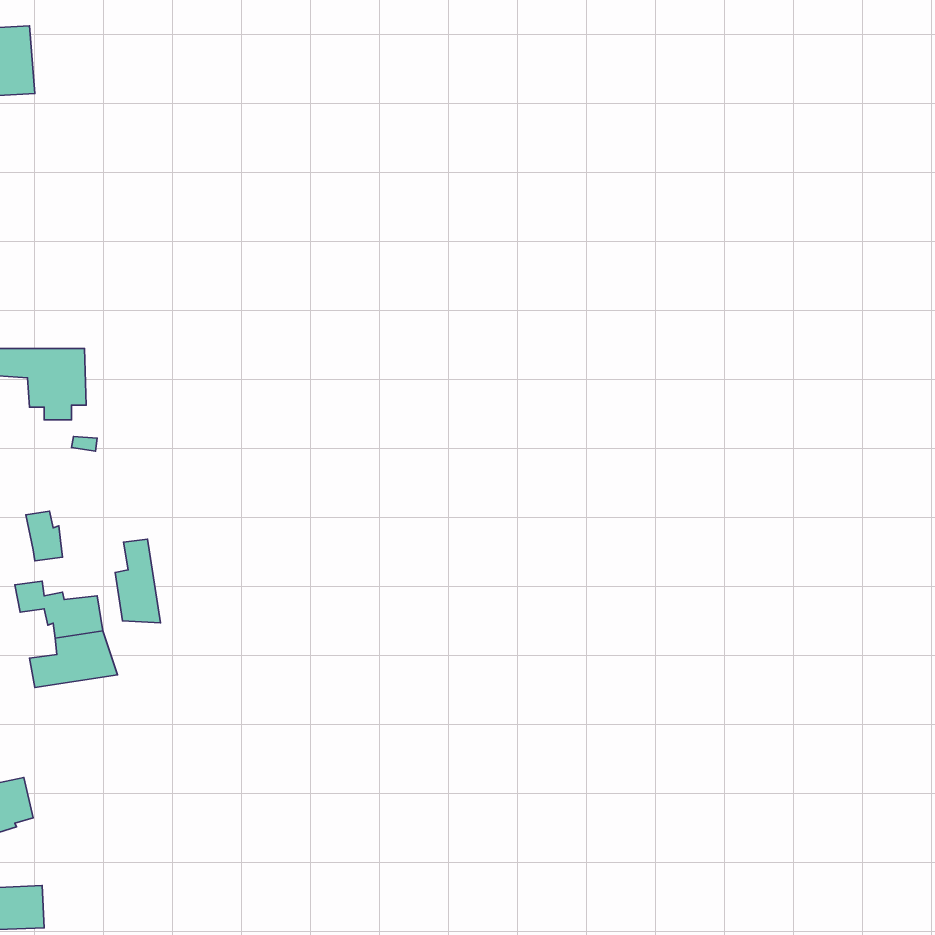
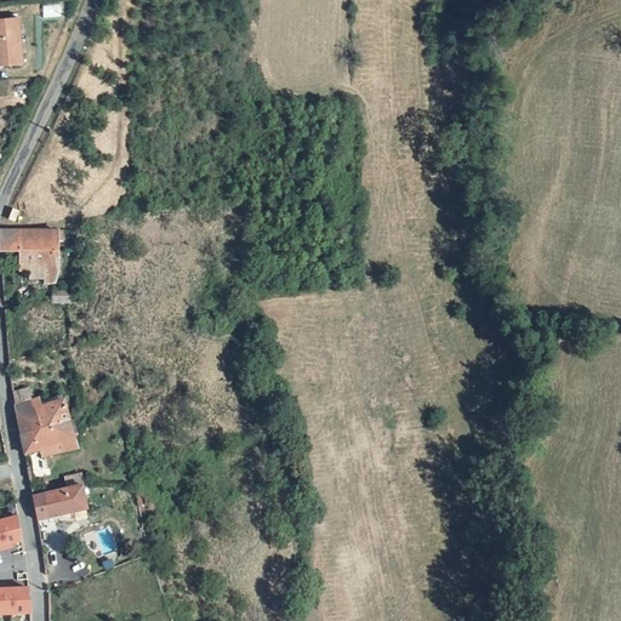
building: [26,511,62,561] -> [13,403,38,435]
building: [115,539,160,623] -> none
building: none -> [32,484,84,520]

